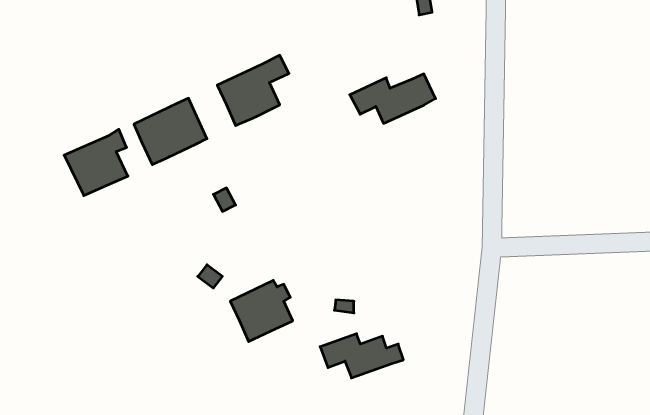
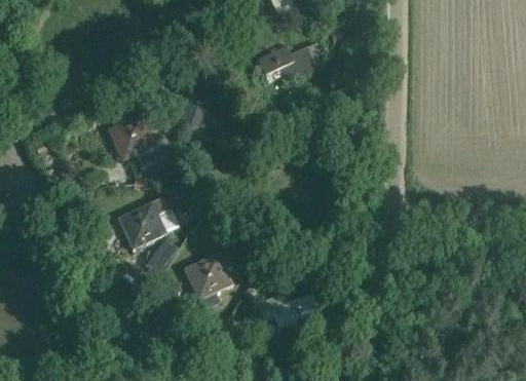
building: [350,74,436,123] -> [258,43,326,82]
building: [64,129,128,196] -> [117,197,167,250]

